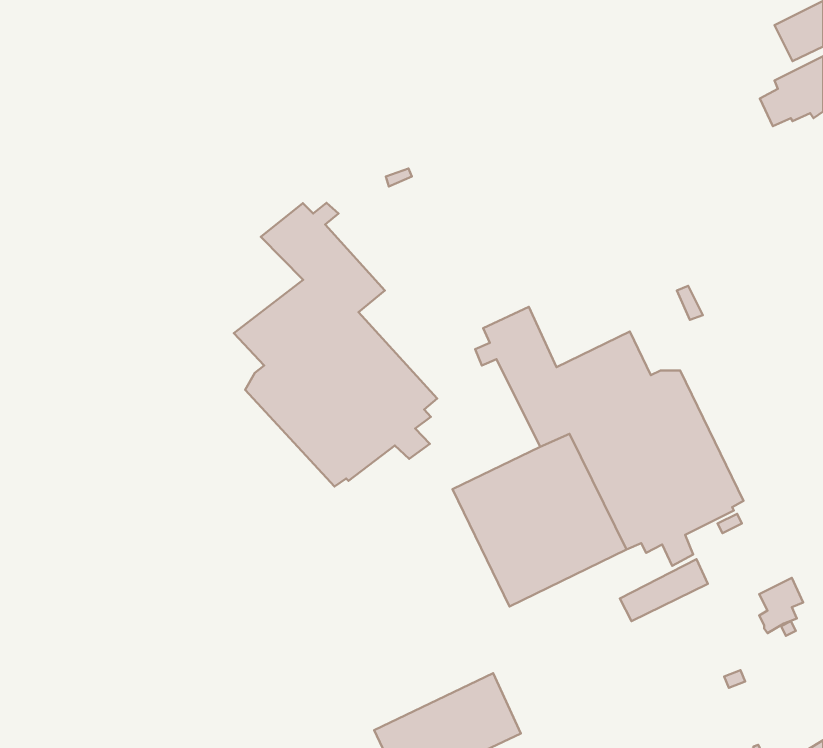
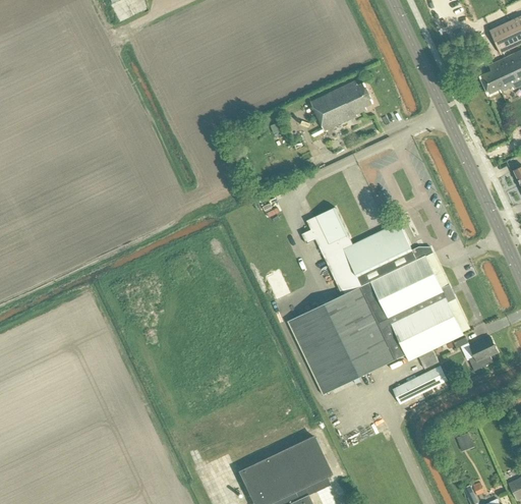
building: none -> [310,82,372,131]
building: [234,203,437,487] -> none
building: [759,578,803,633] -> [469,337,497,372]

